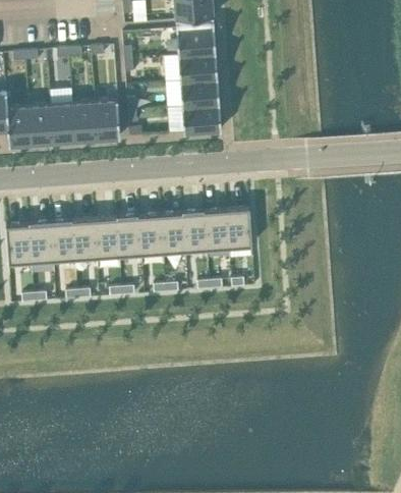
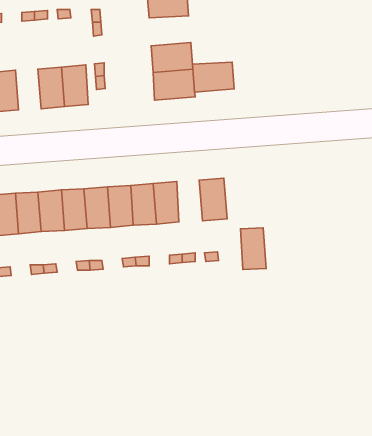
building: [178,53,218,81] -> [193,62,234,92]
building: [51,104,75,143] -> none
building: [205,210,229,250] -> [241,228,266,269]

